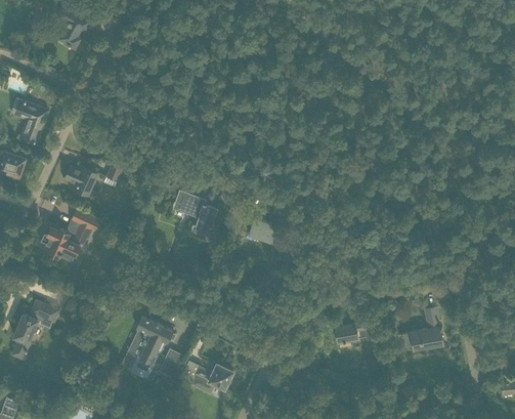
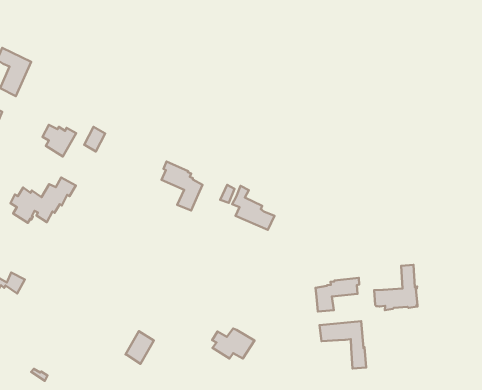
building: none -> [316,278,359,311]
building: [401,307,442,351] -> [374,265,418,310]
building: [122,317,174,379] -> none
building: [194,363,232,390] -> [212,328,255,358]

